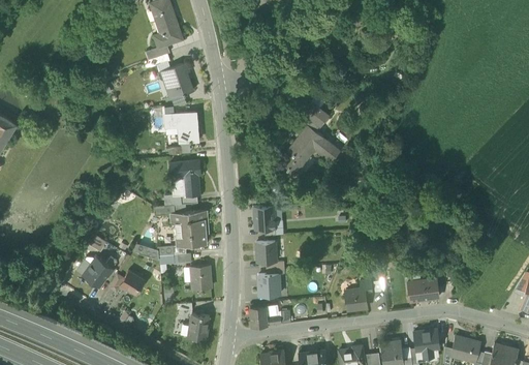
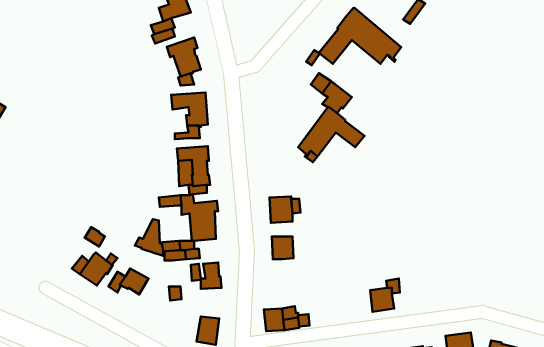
building: none -> [319,8,401,64]
building: [258,274,280,296] -> none
building: [408,278,438,302] -> none

